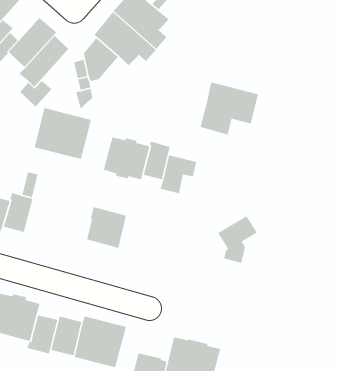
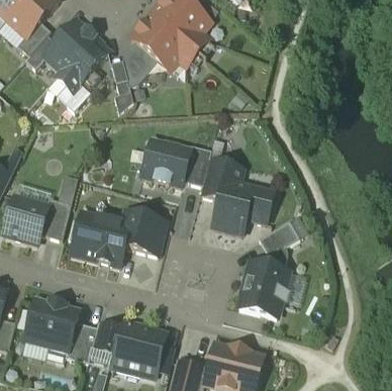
building: [199,82,259,135] -> [212,180,273,234]
building: [34,107,91,160] -> [71,211,129,265]
building: none -> [237,261,288,316]

